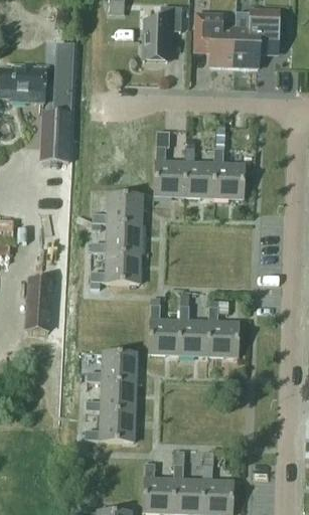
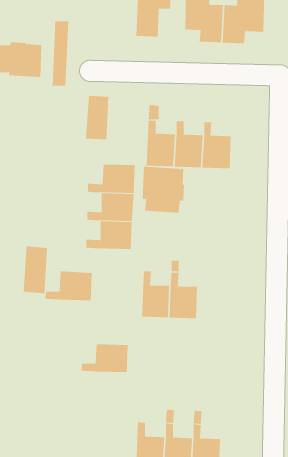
building: [42,112,67,158] -> [85,96,109,140]
building: none -> [142,166,184,213]
building: [207,306,239,355] -> none
building: [87,350,137,381] -> [44,271,92,301]
building: [85,409,135,440] -> none

